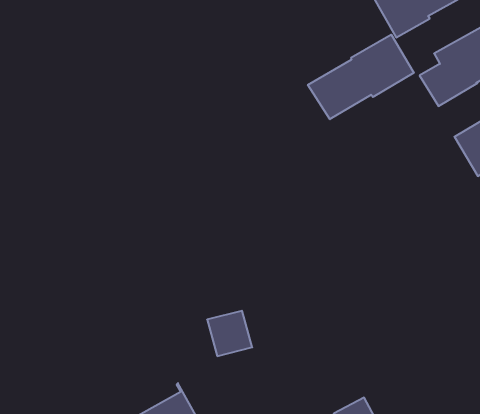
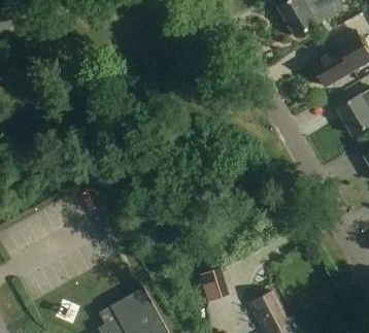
building: [308,35,414,119] -> none
building: [207,311,252,356] -> [197,266,229,298]

